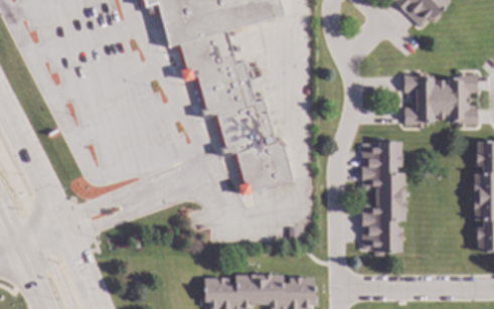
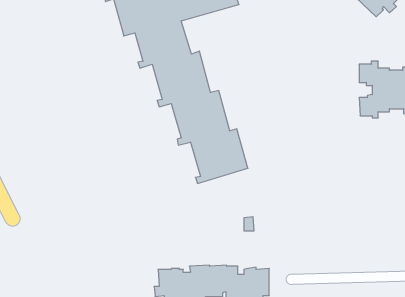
building: [361,137,405,256] -> none

